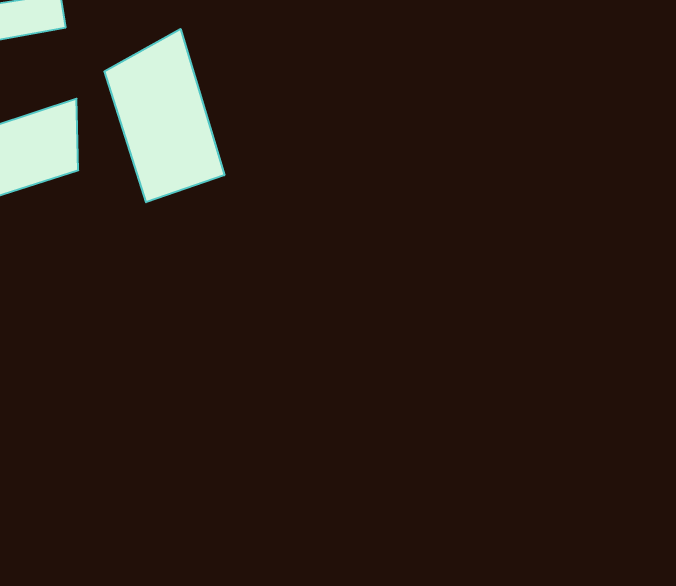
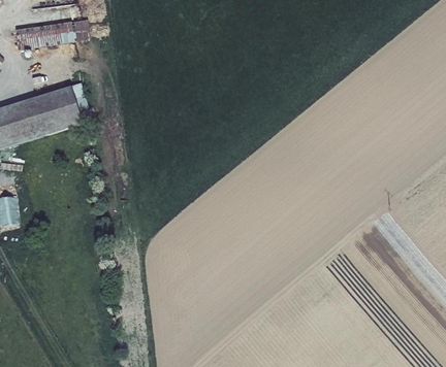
building: [104,29,224,202] -> none

